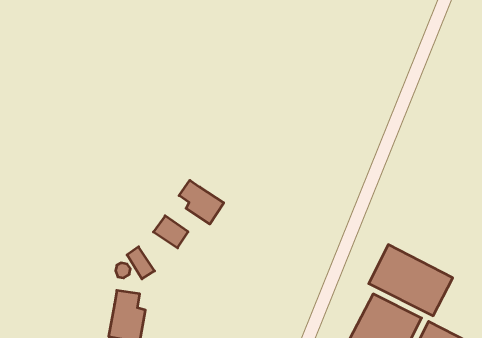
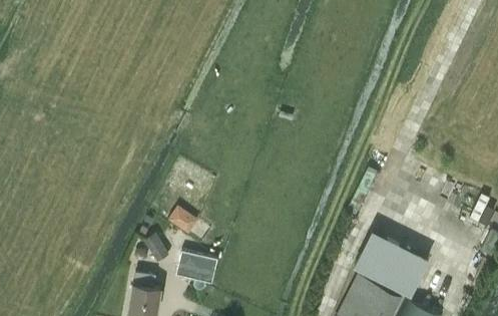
building: [179,180,224,224] -> none
building: none -> [176,253,216,284]

